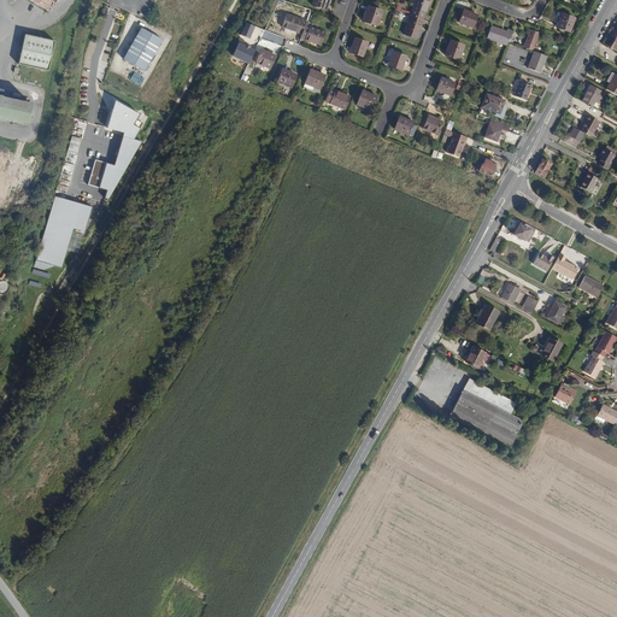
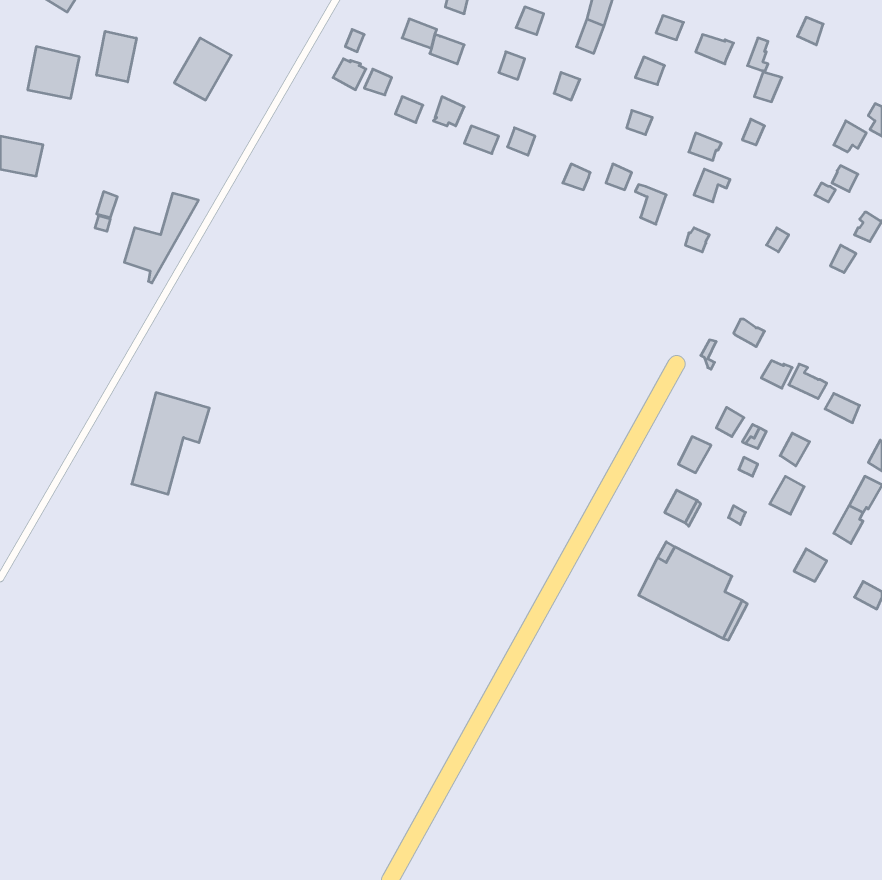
building: none -> [97,31,136,82]
building: [104,99,136,137] -> none
building: [36,195,90,266] -> [132,393,209,494]

